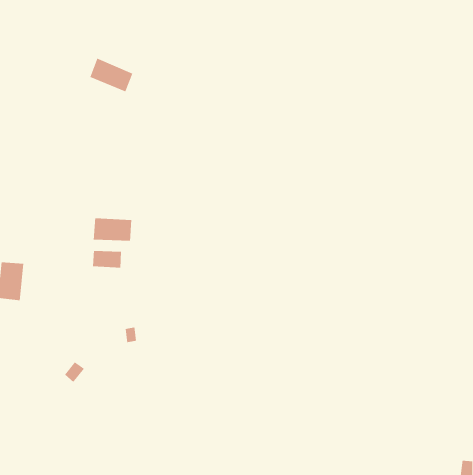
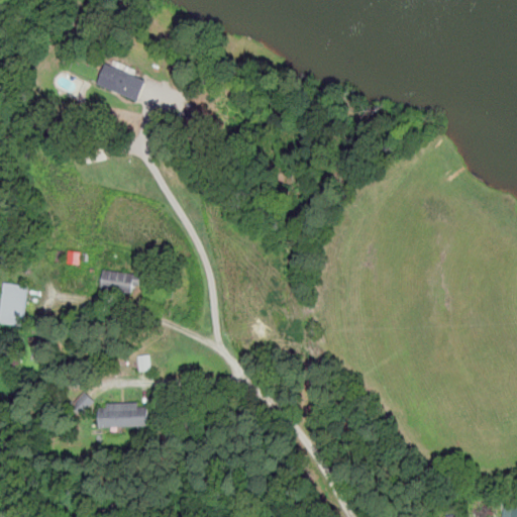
building: [93,218,132,241] -> none
building: none -> [97,403,148,426]

